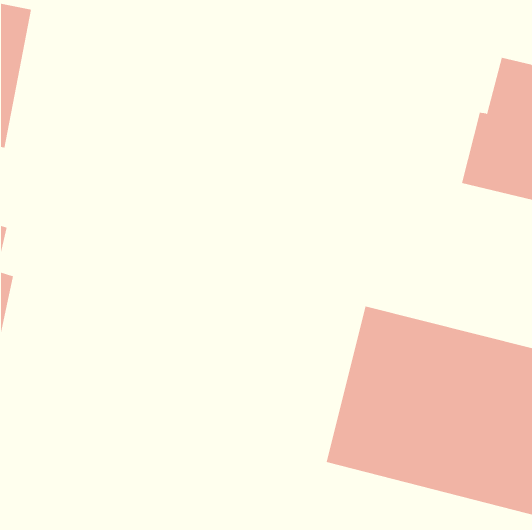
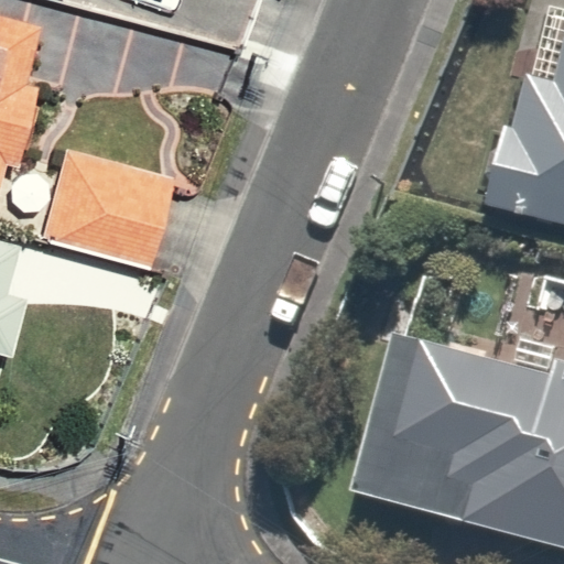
building: none -> [44,153,169,267]

